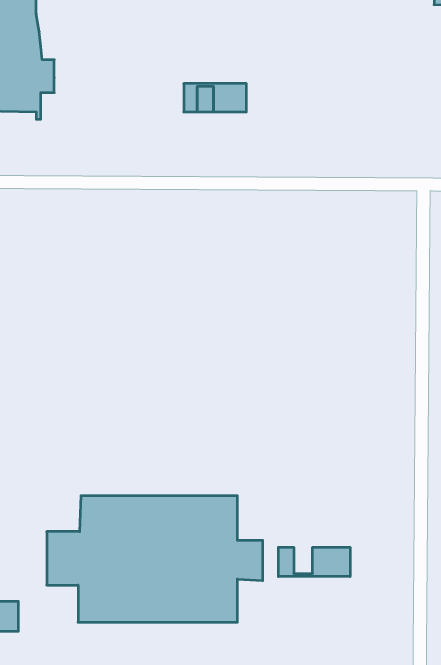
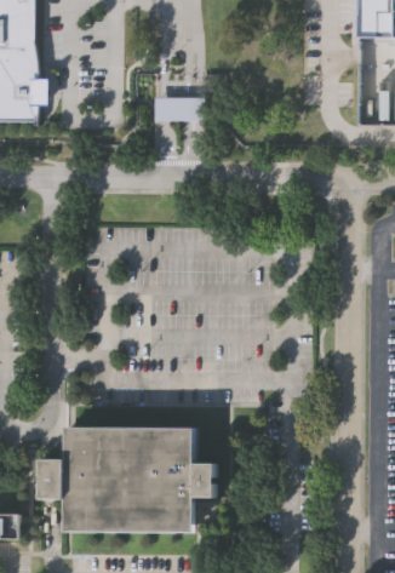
building: [278,547,350,577] -> none

